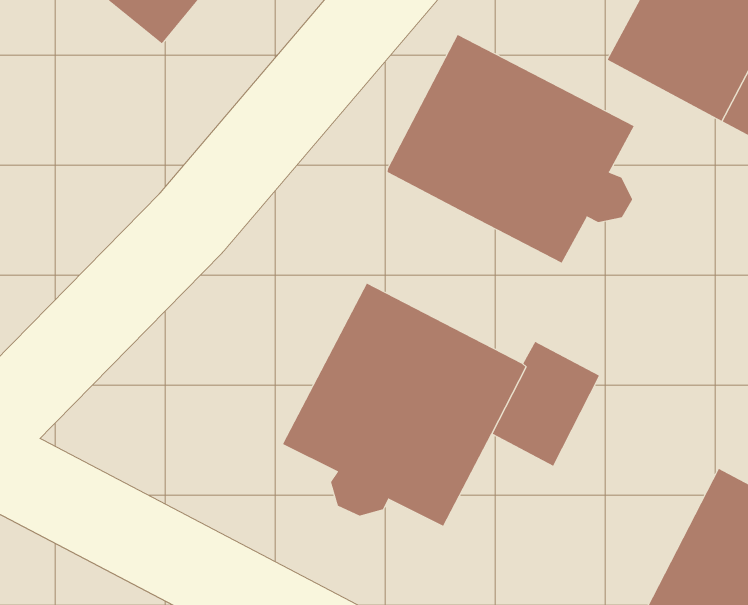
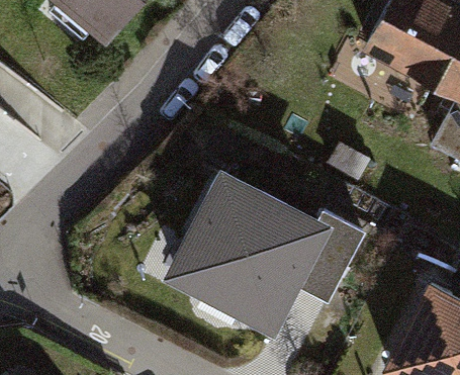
building: [387,34,635,263] -> none

